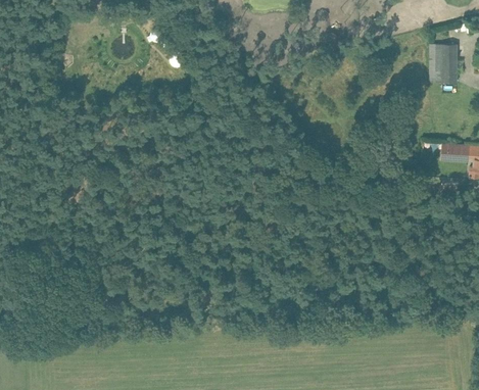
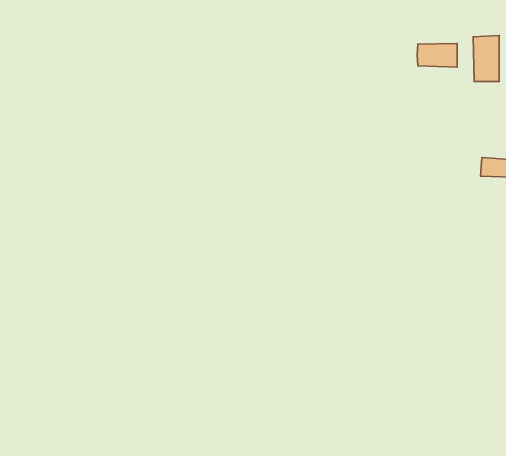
building: none -> [417,44,457,67]

